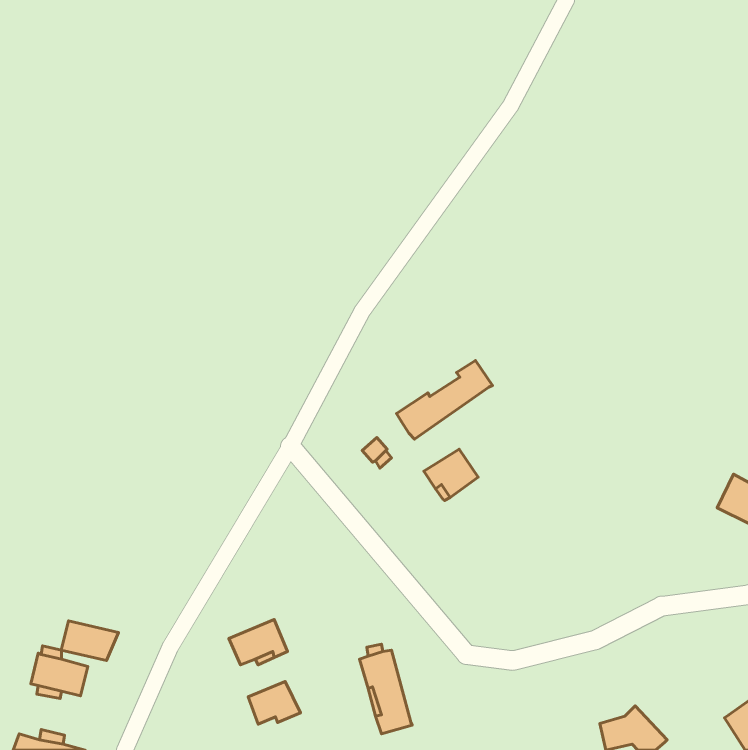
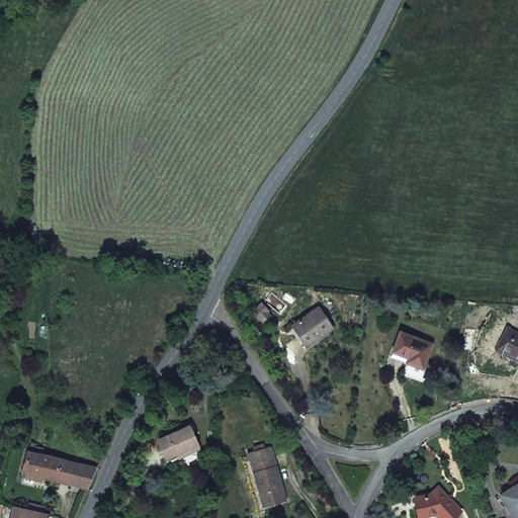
building: [397,360,492,439] -> none
building: none -> [394,331,432,368]
building: [61,621,118,660] -> [57,459,96,487]
building: [248,681,300,724] -> none

